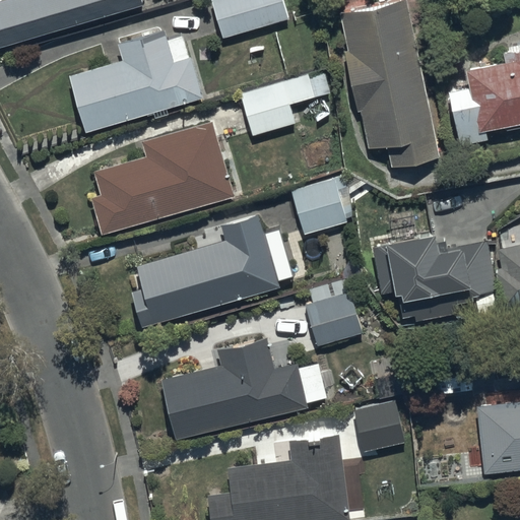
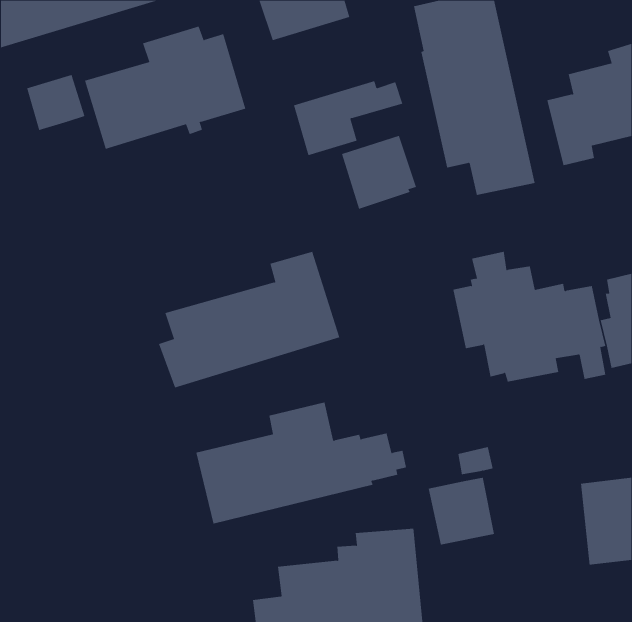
building: none -> [26,74,85,131]
building: [90,121,236,234] -> none
building: [290,176,352,237] -> [341,135,417,209]
building: [305,282,362,346] -> none

